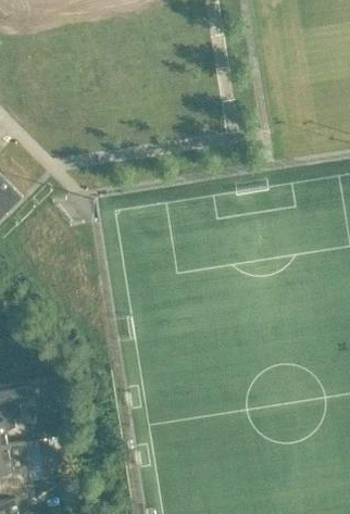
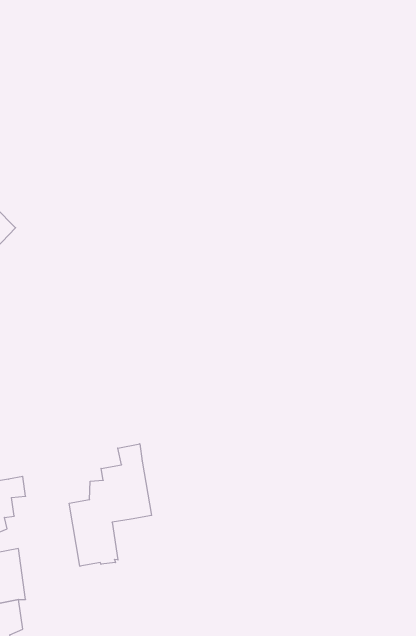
building: none -> [69,444,152,566]

